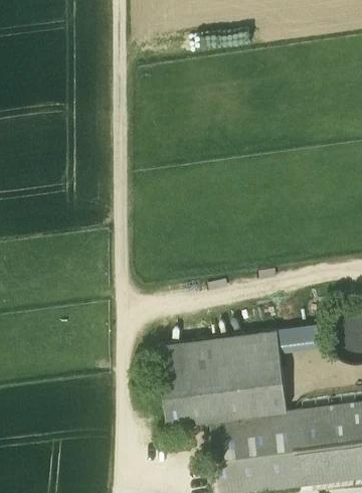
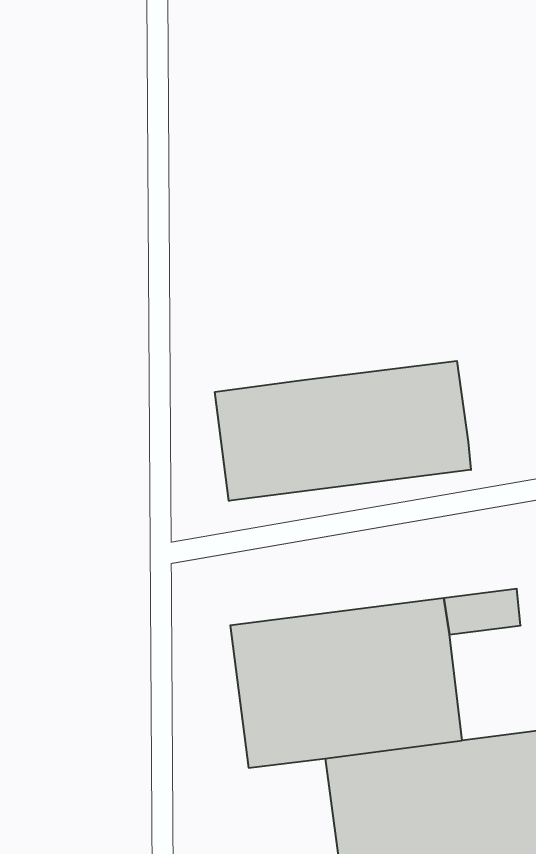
building: none -> [215,361,471,501]

